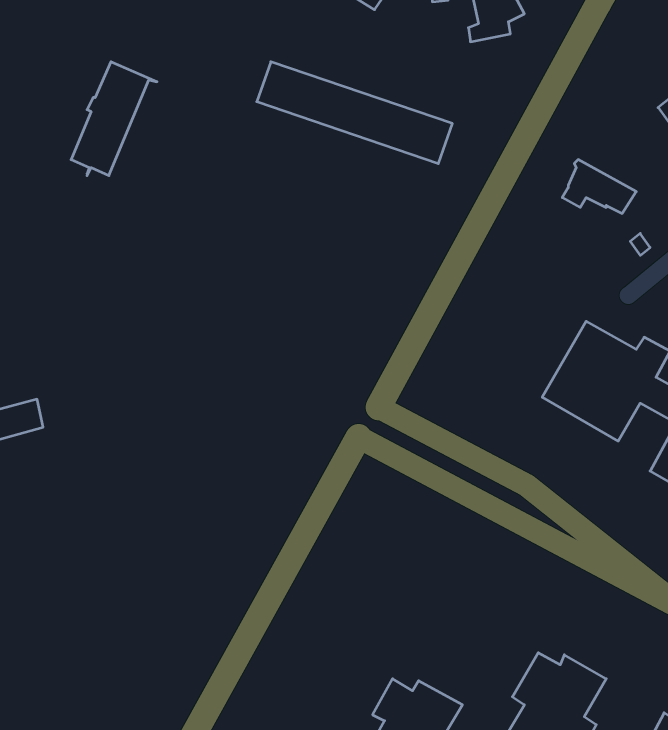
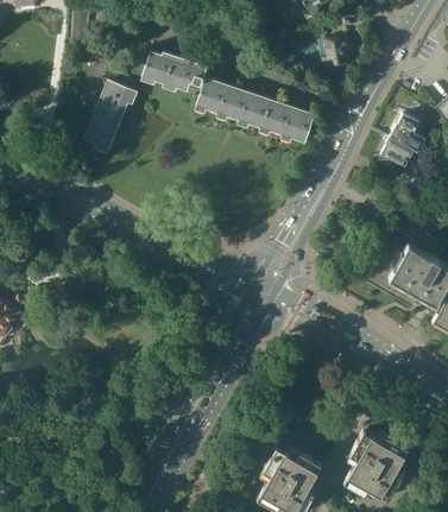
building: none -> [141,49,206,88]
building: none -> [387,114,424,157]

